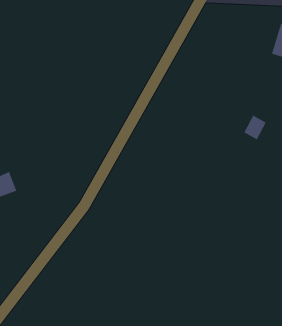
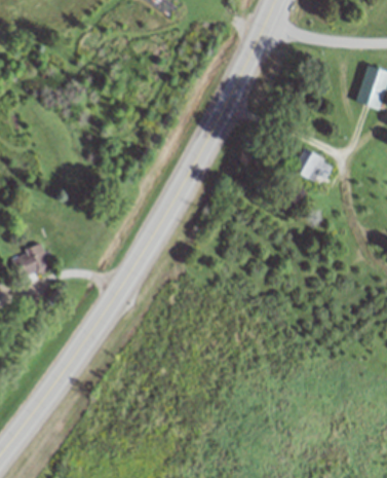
building: [244,115,266,140] -> [295,149,322,180]

